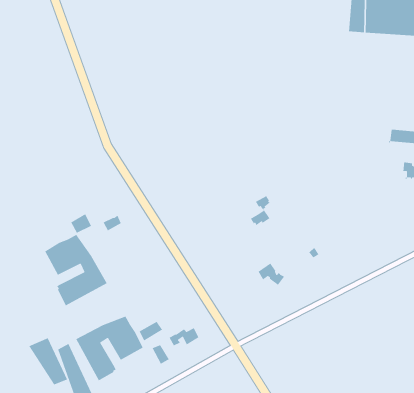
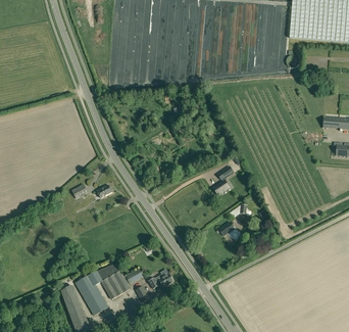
building: [44,234,108,307] -> none
building: [28,337,68,386] -> none

